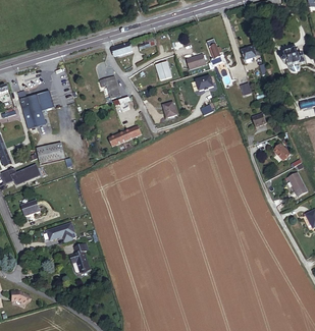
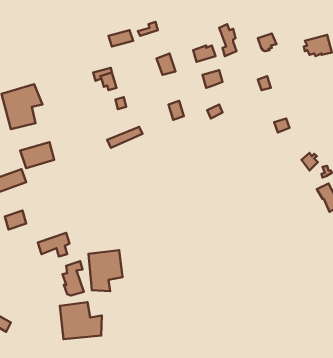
building: none -> [88,250,123,291]
building: none -> [60,302,102,339]

